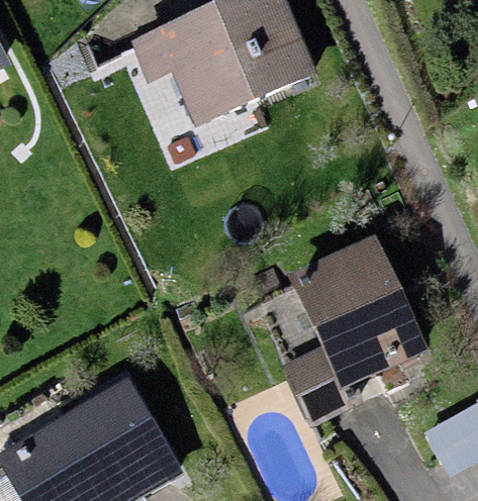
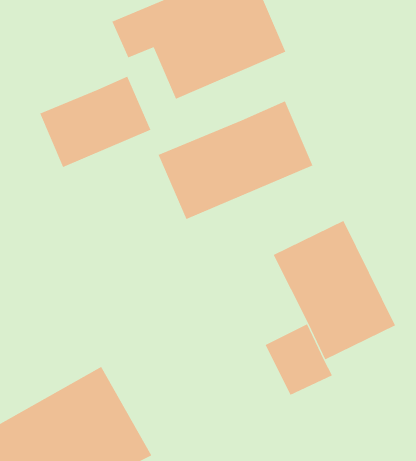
building: none -> [39,76,151,168]
building: none -> [158,101,313,220]

